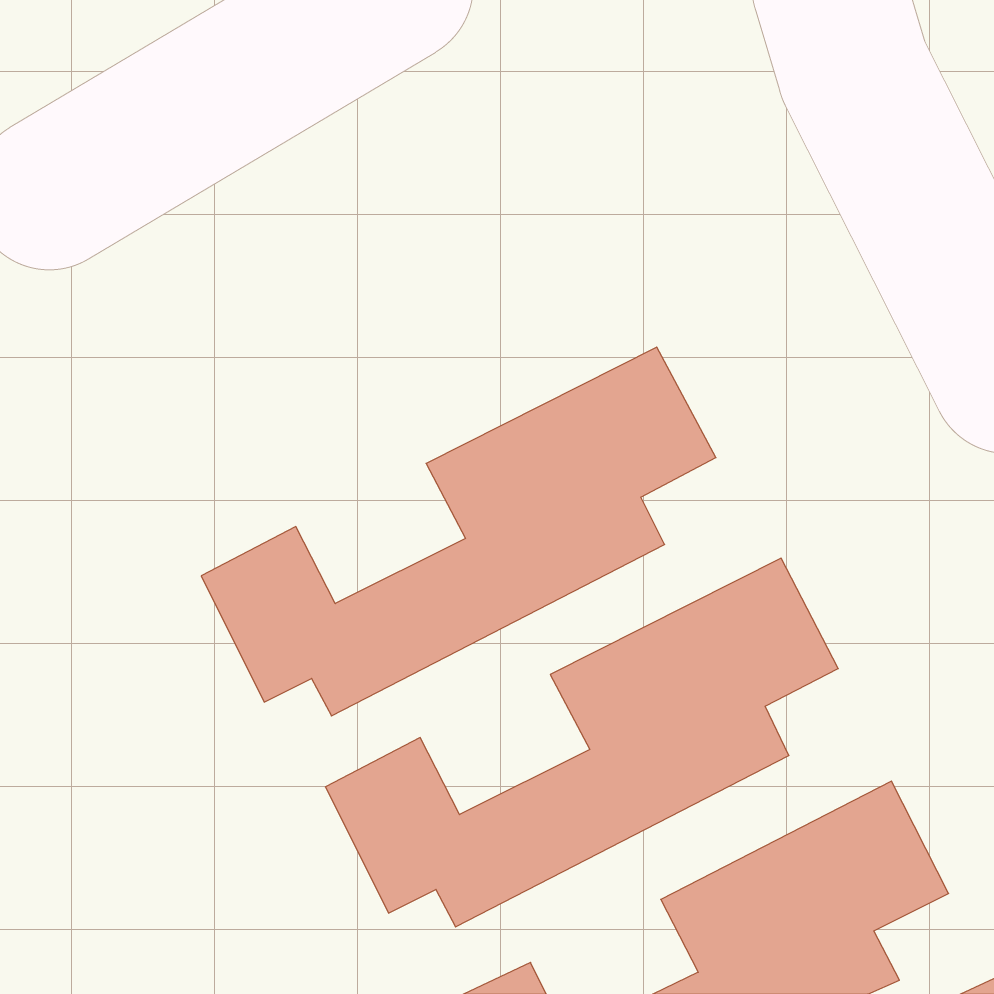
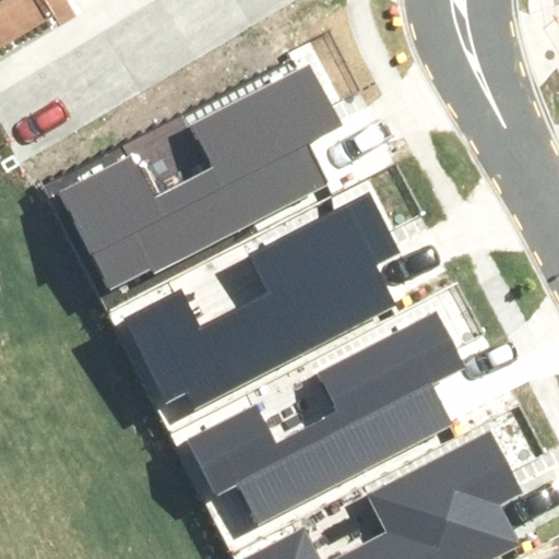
building: none -> [47,75,332,280]

